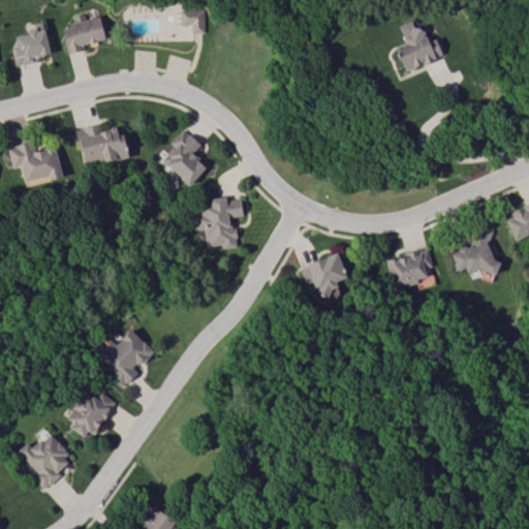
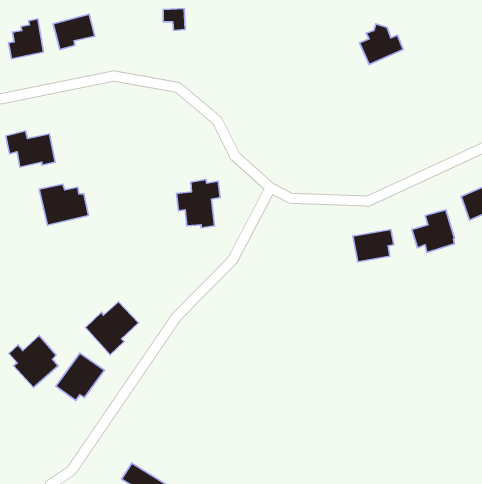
building: [75,124,129,168] -> [39,184,88,225]
building: [161,129,207,187] -> none
building: [300,252,349,294] -> none
building: [18,432,71,489] -> [9,335,58,388]

